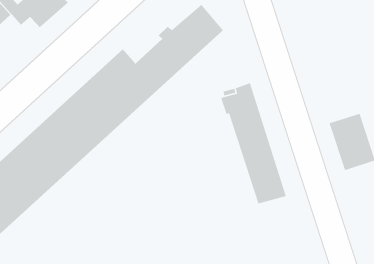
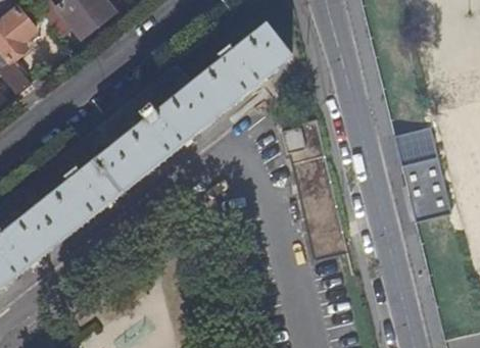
building: none -> [395,133,439,171]

